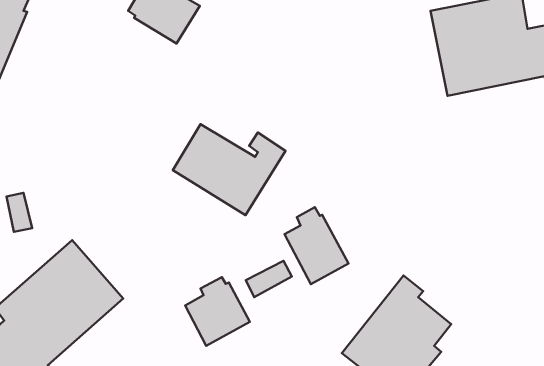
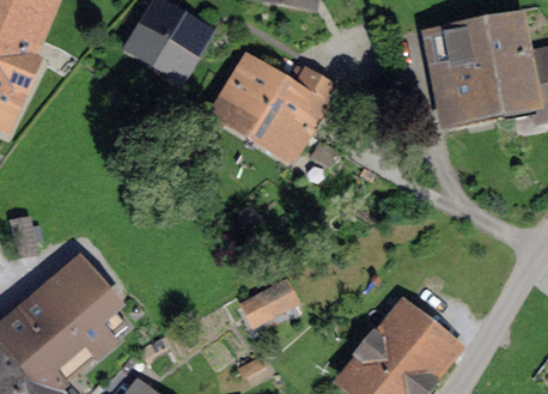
building: [173,124,286,215] -> [219,65,330,154]
building: [285,207,349,284] -> none
building: [185,277,250,346] -> none

